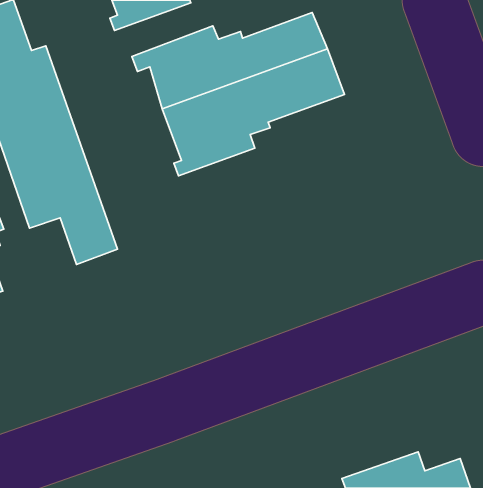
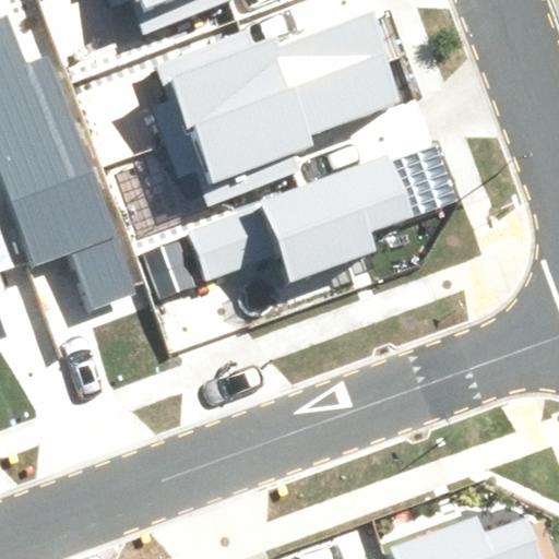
building: none -> [175,162,401,284]

